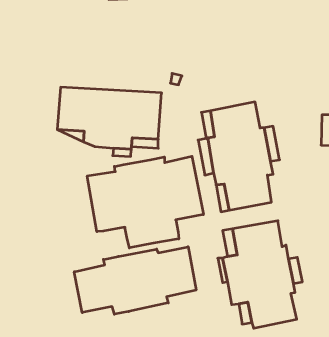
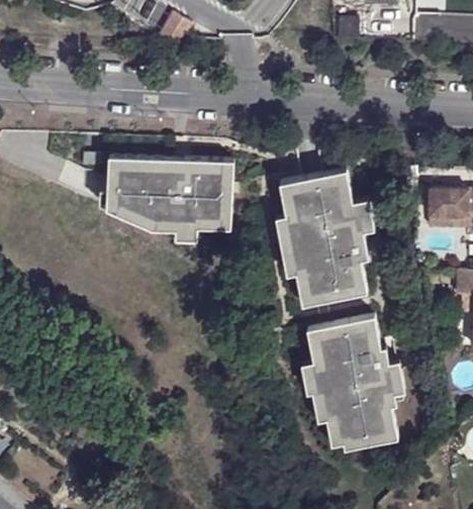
building: [87,156,203,248] -> none
building: [74,247,196,314] -> none

